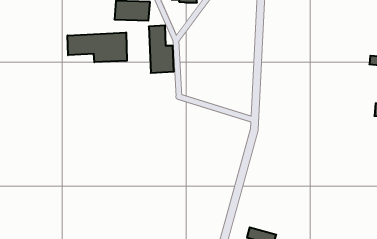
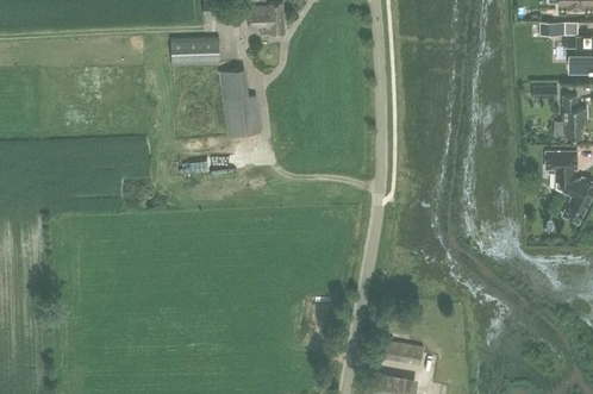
building: [68,32,127,62] -> none

